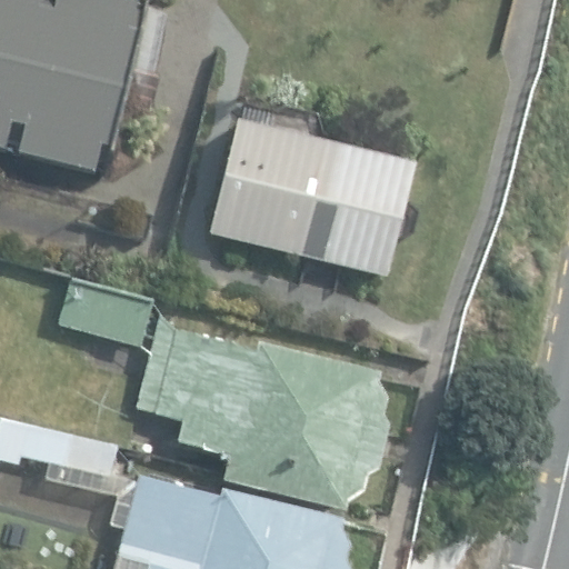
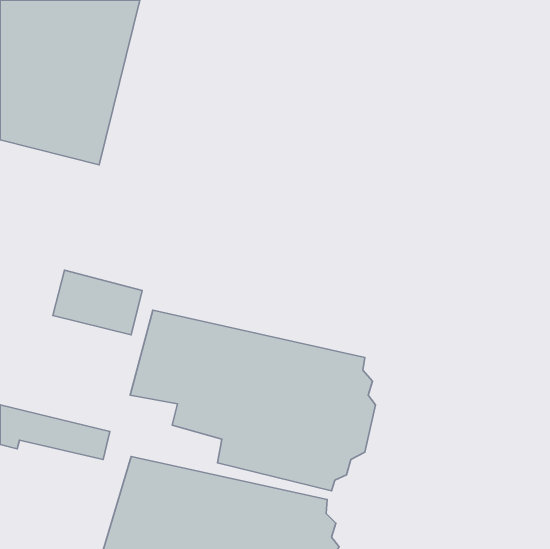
building: [208,114,412,274] -> none

